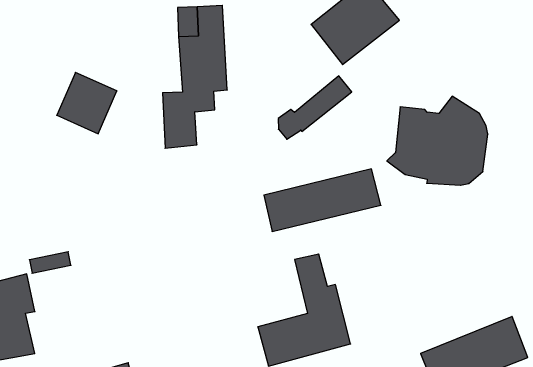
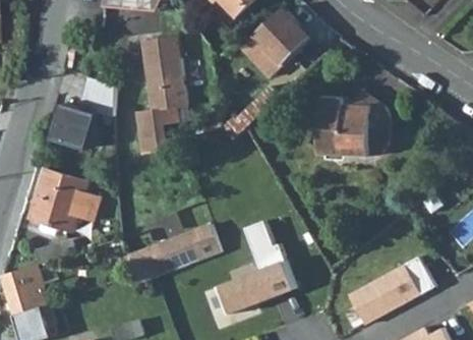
building: none -> [79,76,115,116]
building: none -> [28,169,104,230]
building: [264,169,381,231] -> [128,226,220,282]

